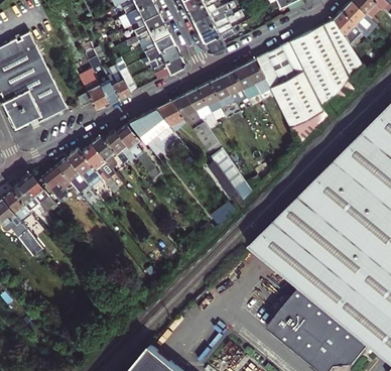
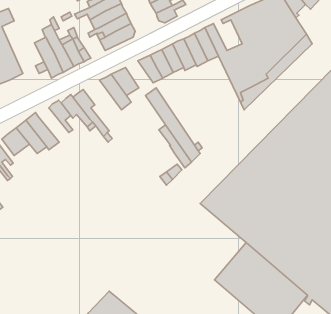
building: [266,50,296,83] -> none
building: [173,94,203,124] -> none
building: [131,114,169,154] -> none
building: [82,143,119,193] -> none

